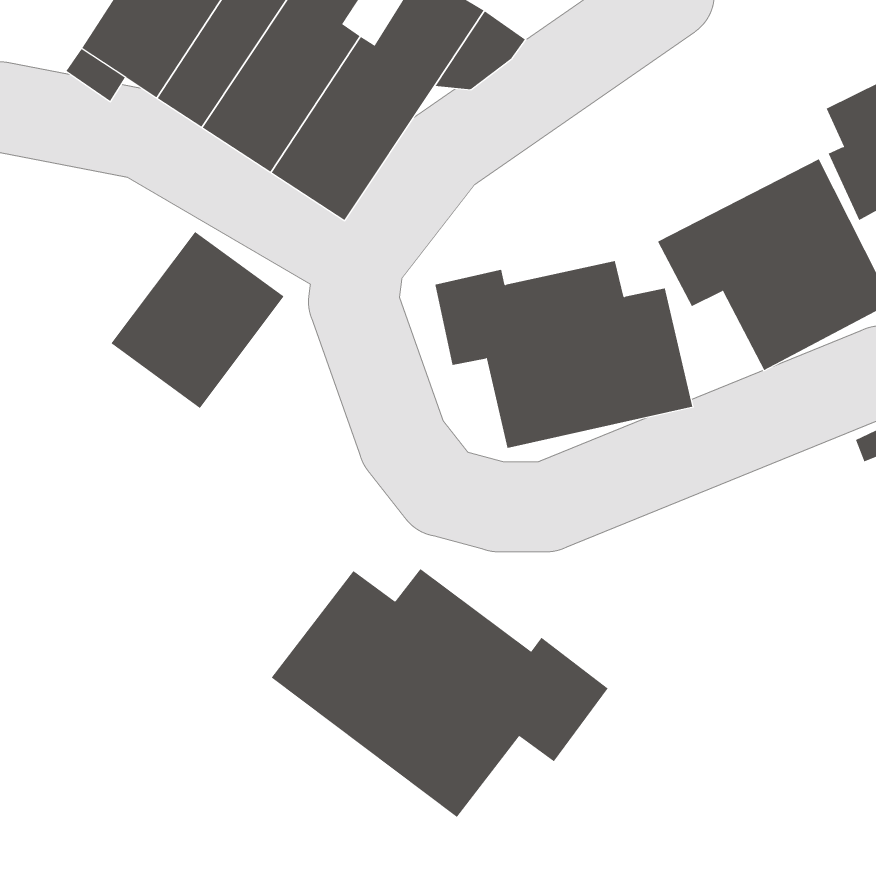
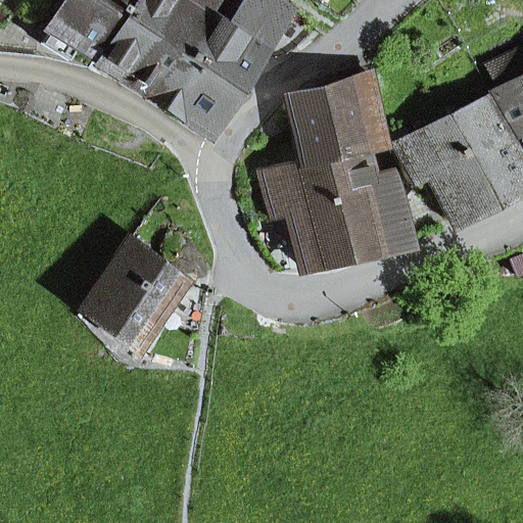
building: none -> [288,72,388,169]
building: [110,231,285,409] -> [84,238,187,343]
building: [271,568,609,818] -> none

